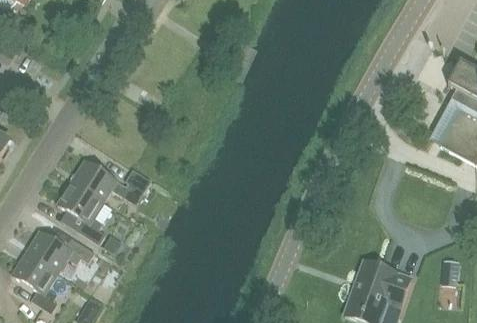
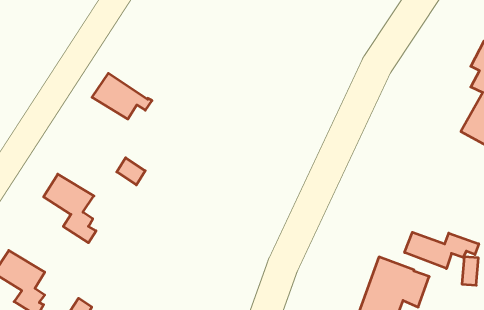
building: [70,161,125,203] -> [92,73,152,119]
building: [25,231,94,273] -> none
building: none -> [405,232,479,269]

